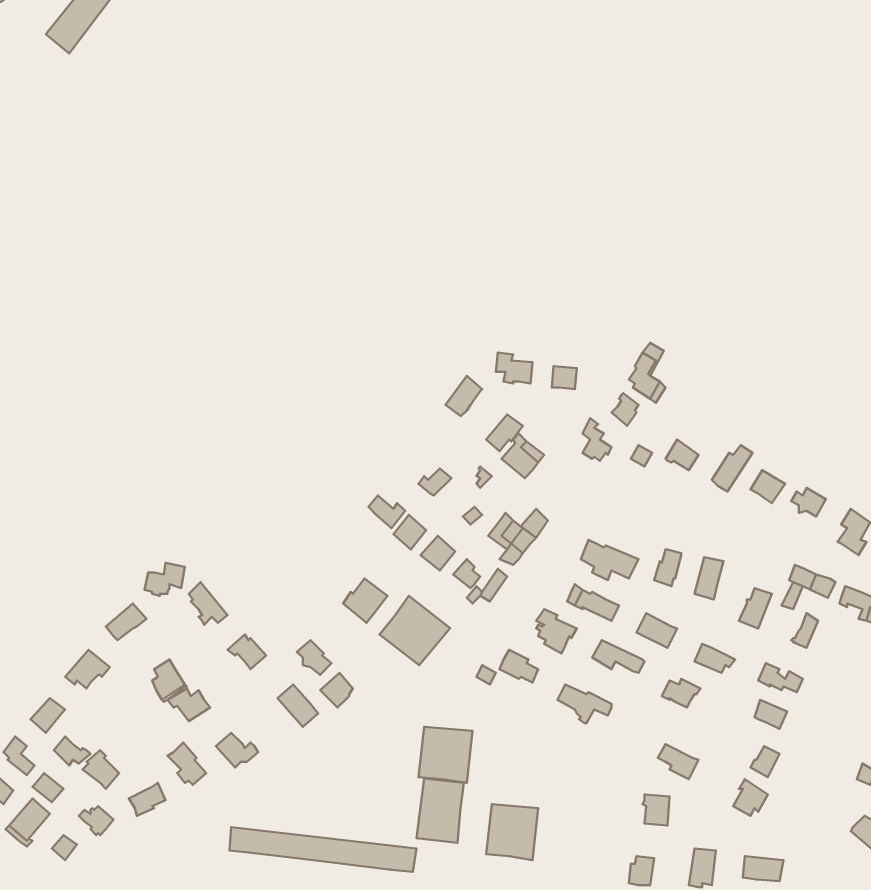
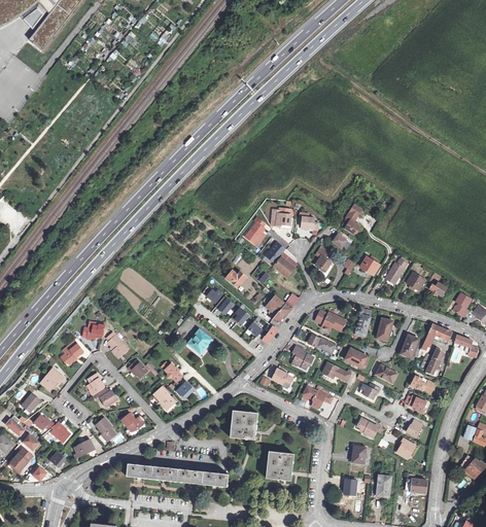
building: [379,596,450,665] -> none
building: [416,779,464,843] -> none

